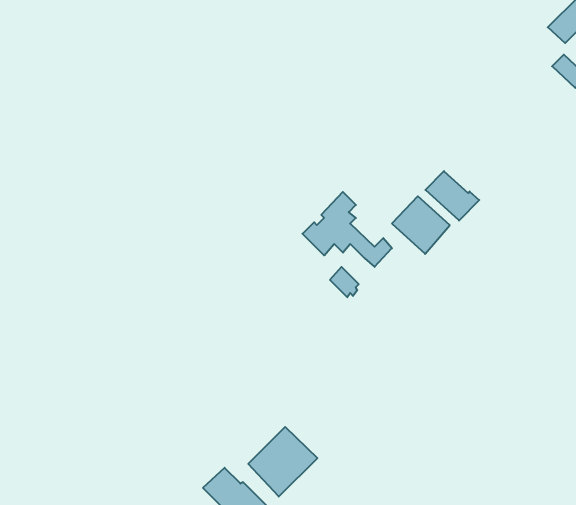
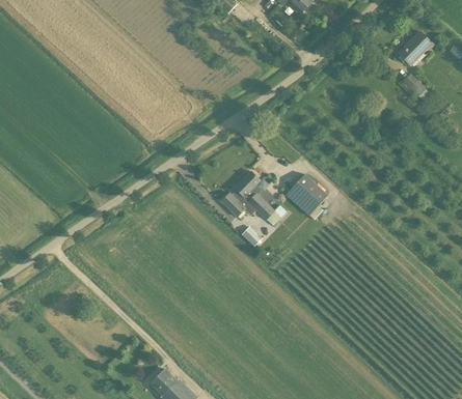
building: [425,171,479,221] -> none
building: [248,427,317,497] -> none

